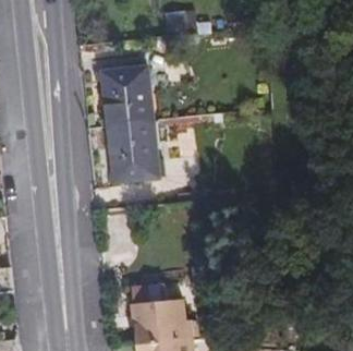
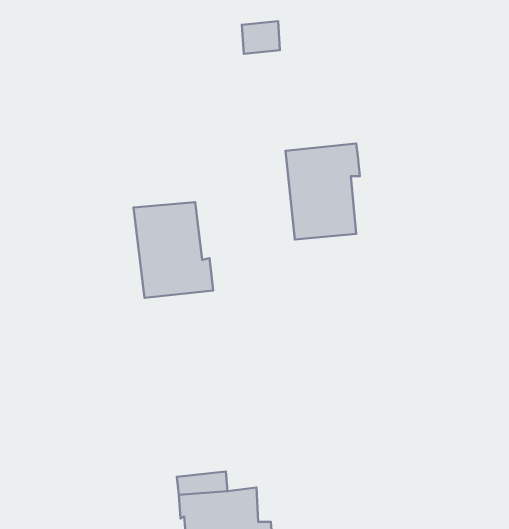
building: [101,69,146,126] -> [286,144,360,239]

